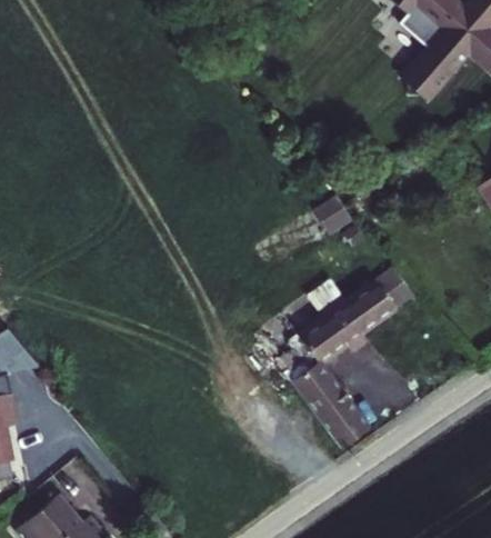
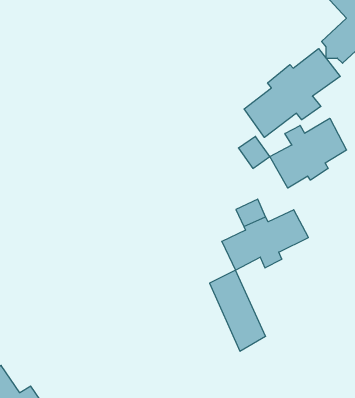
building: none -> [244,49,340,137]
building: none -> [270,118,347,188]

